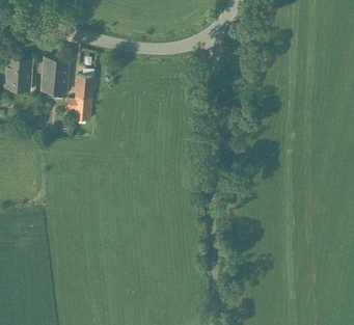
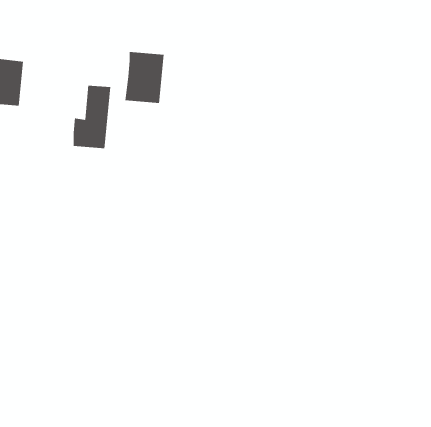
building: [40,58,69,94] -> [124,52,164,103]

